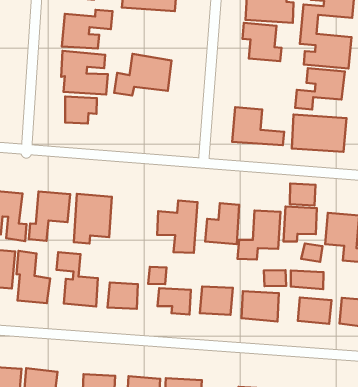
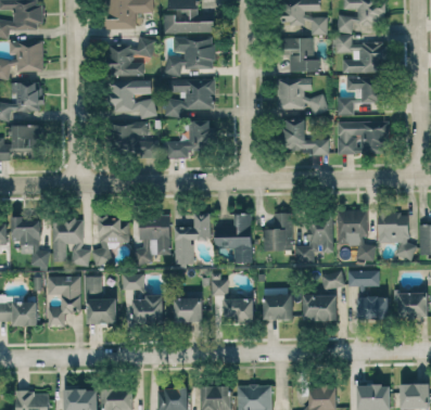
building: none -> [165,36,214,74]
building: none -> [278,77,326,112]
building: none -> [170,120,213,158]
building: [290,184,316,205] -> none
building: none -> [174,213,211,264]

